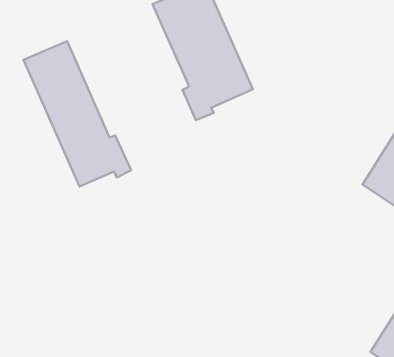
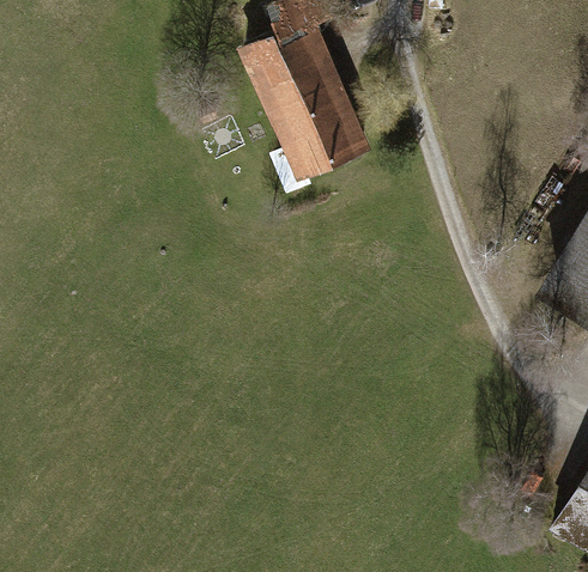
building: [23,41,131,187] -> none

